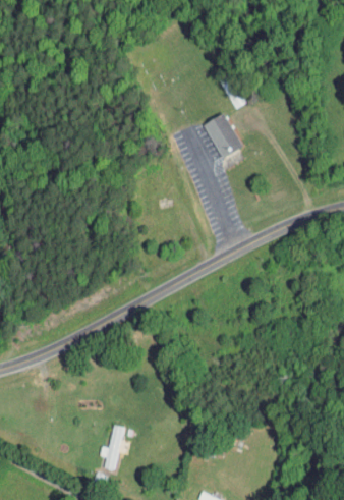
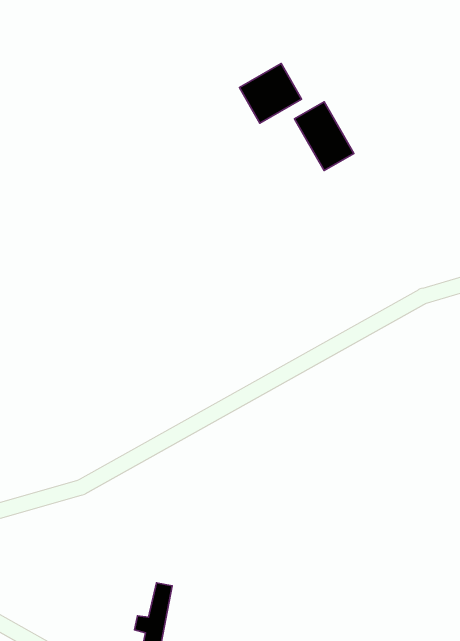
building: none -> [239,64,301,123]

